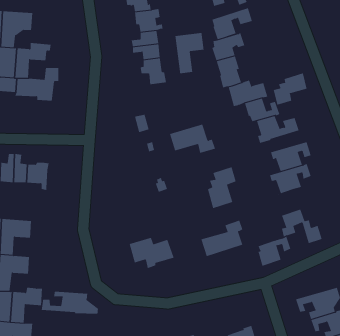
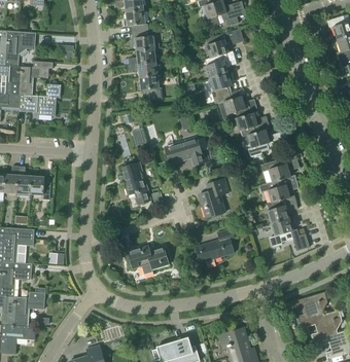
building: [175,32,204,74] -> none
building: [273,73,307,105] -> none
building: none -> [118,162,150,204]
building: [258,236,291,266] -> [267,195,299,224]
building: [41,291,99,315] -> none

